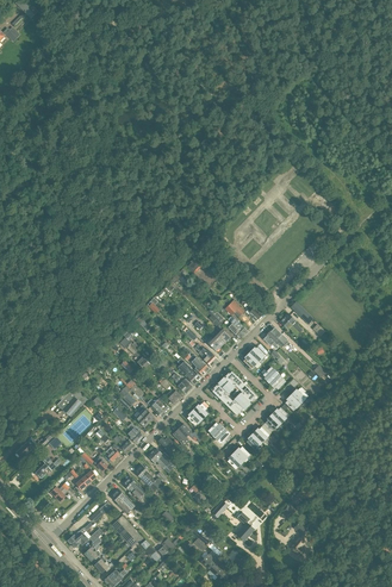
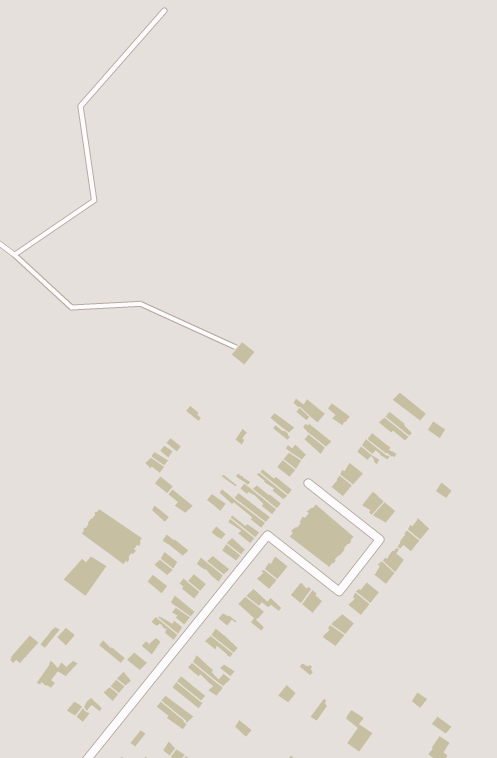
building: none -> [81,508,143,565]

